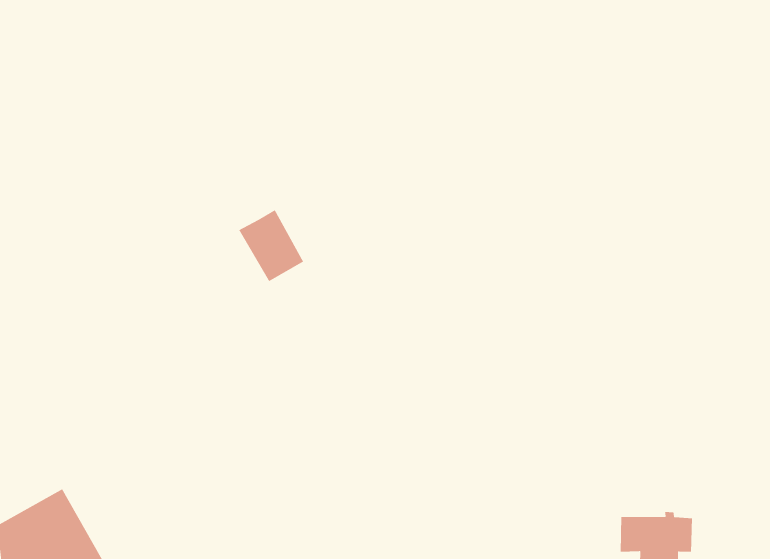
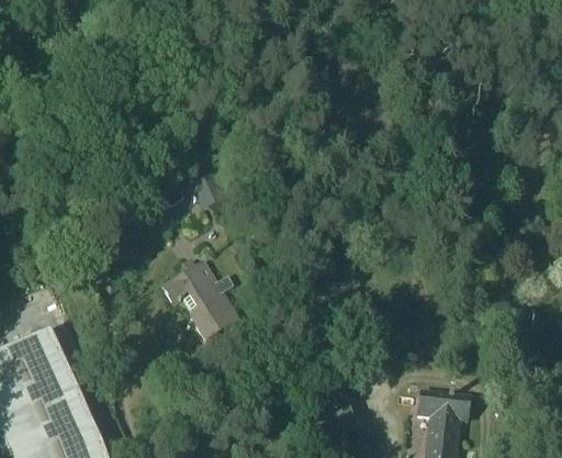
building: none -> [165,264,241,343]

